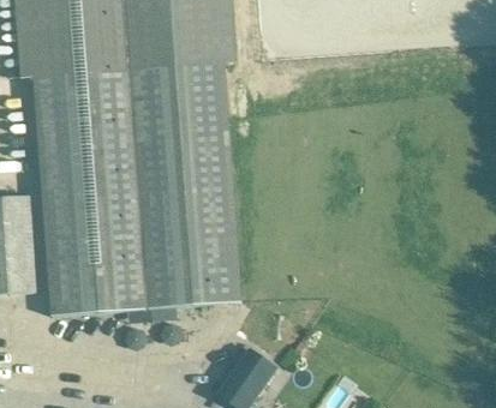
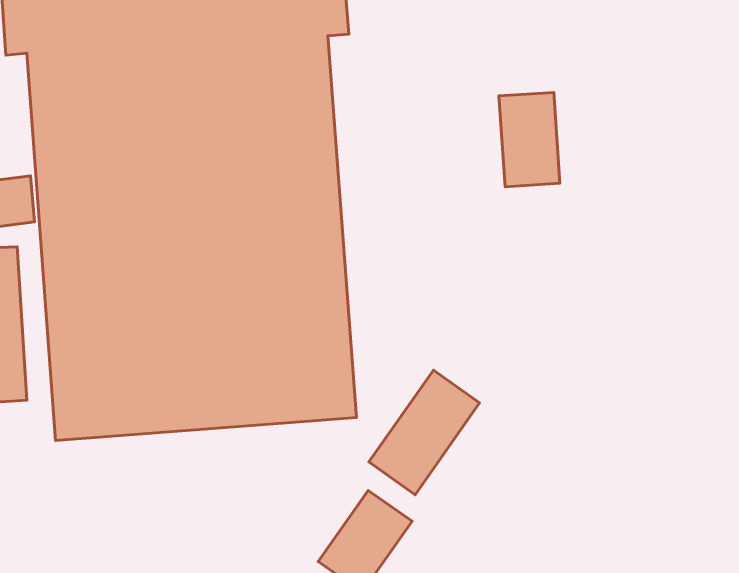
building: none -> [499,92,560,187]
building: none -> [369,370,480,495]

